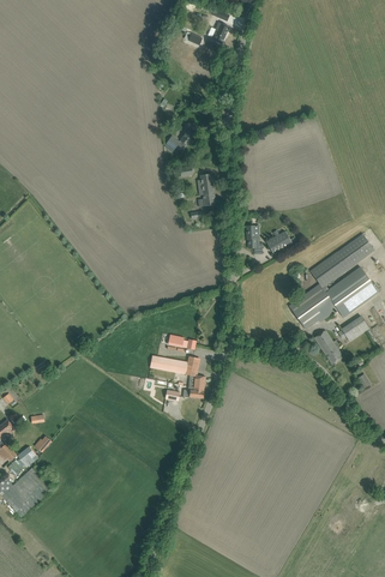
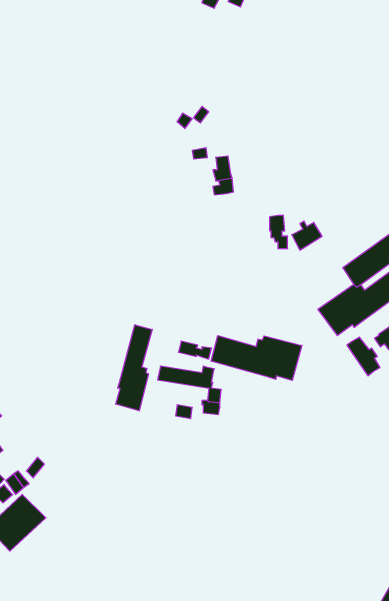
building: none -> [116,325,152,411]
building: none -> [211,336,302,380]

